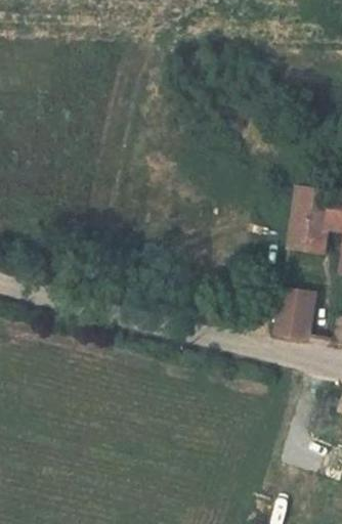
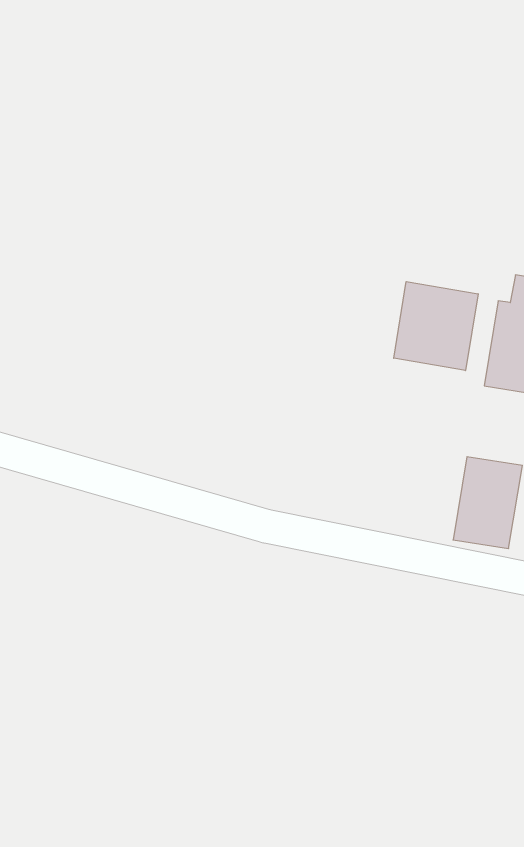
building: none -> [394,282,478,371]

